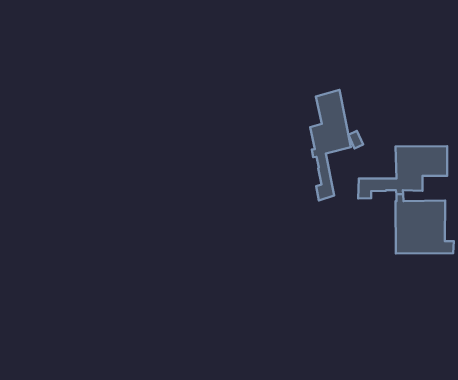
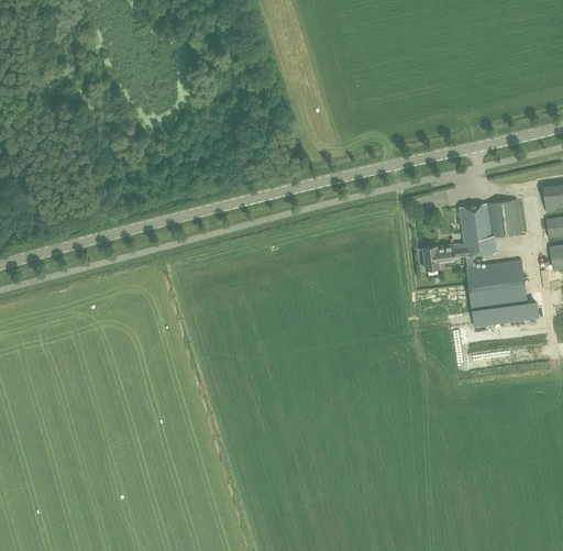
building: [310,90,351,200] -> none

